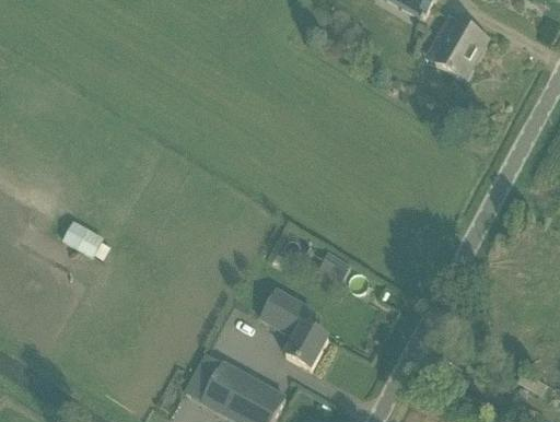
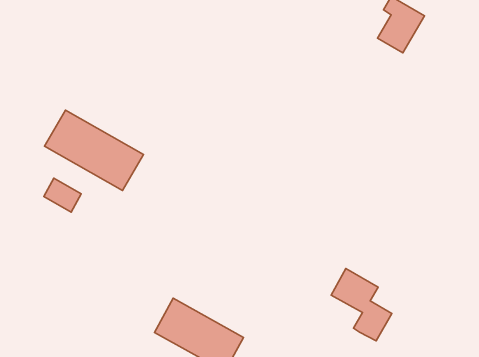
building: none -> [45,110,144,191]
building: [259,286,327,367] -> [331,269,392,341]

